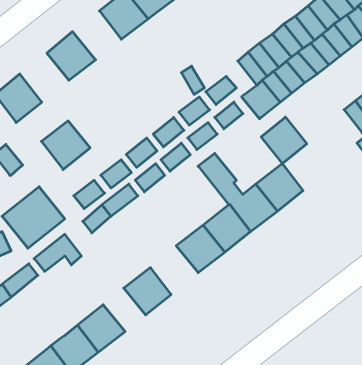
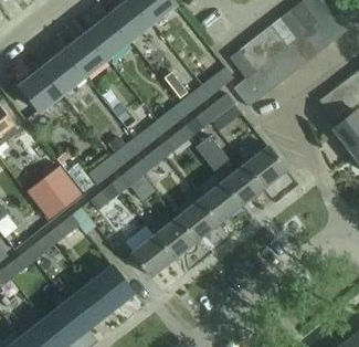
building: none -> [87,14,129,56]
building: [261,117,307,164] -> none
building: [41,121,90,170] -> [42,51,84,93]
building: none -> [155,217,196,259]

